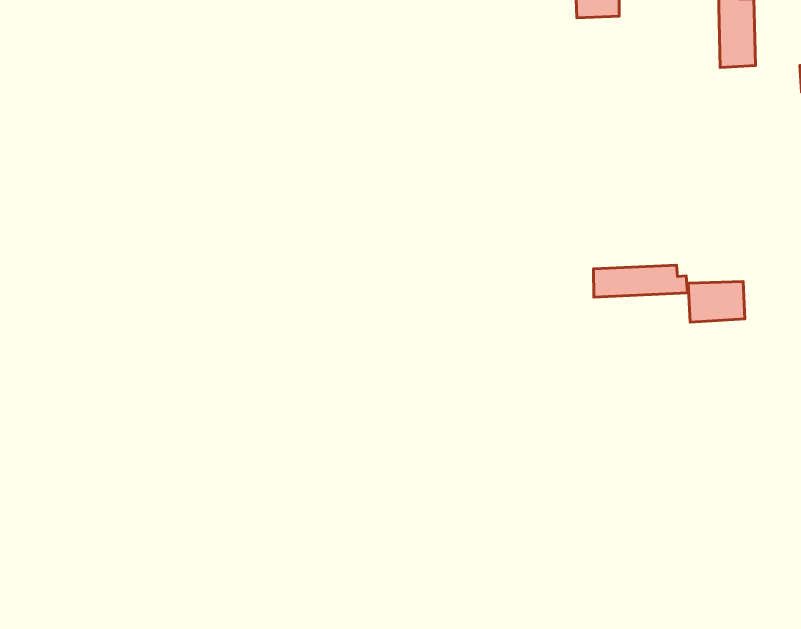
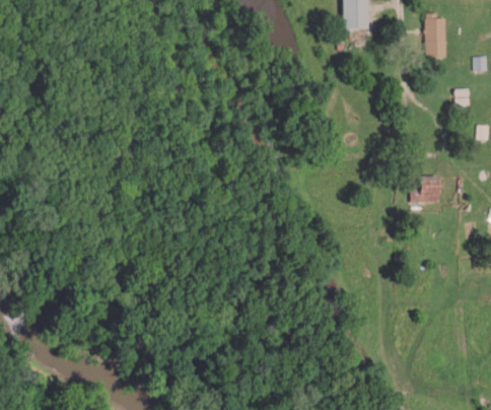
building: [594,265,687,297] -> none

